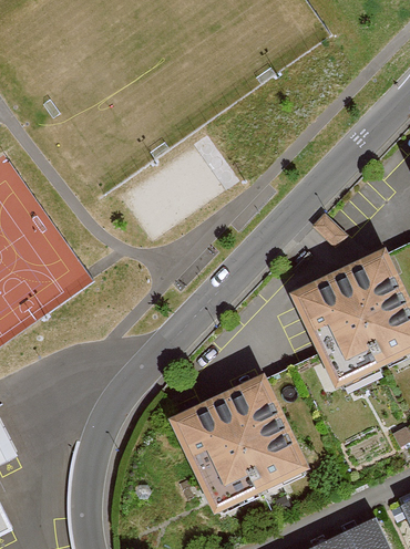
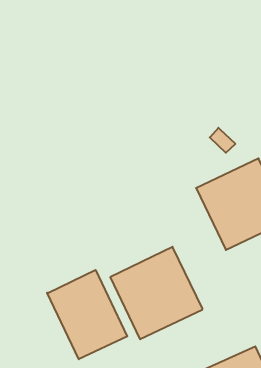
building: none -> [47,270,127,359]

